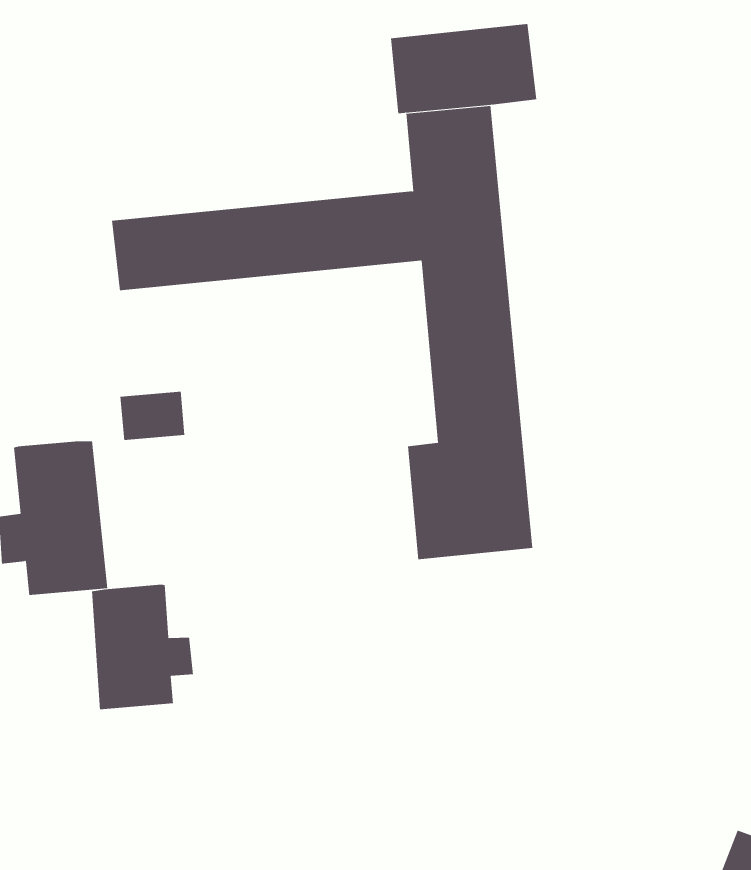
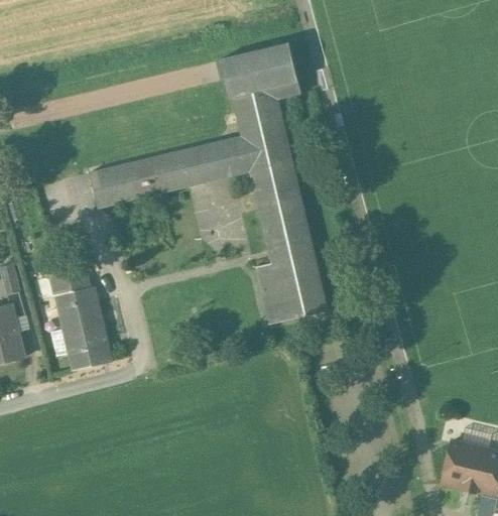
building: [120,391,185,441] -> [51,265,88,294]
building: [91,584,194,710] -> none

